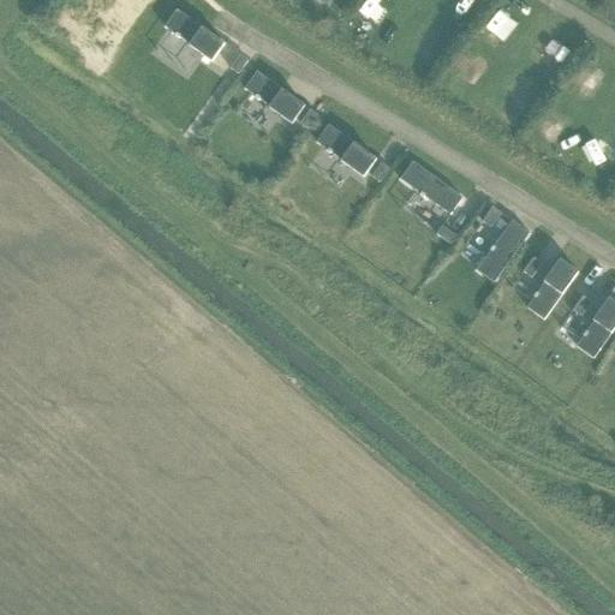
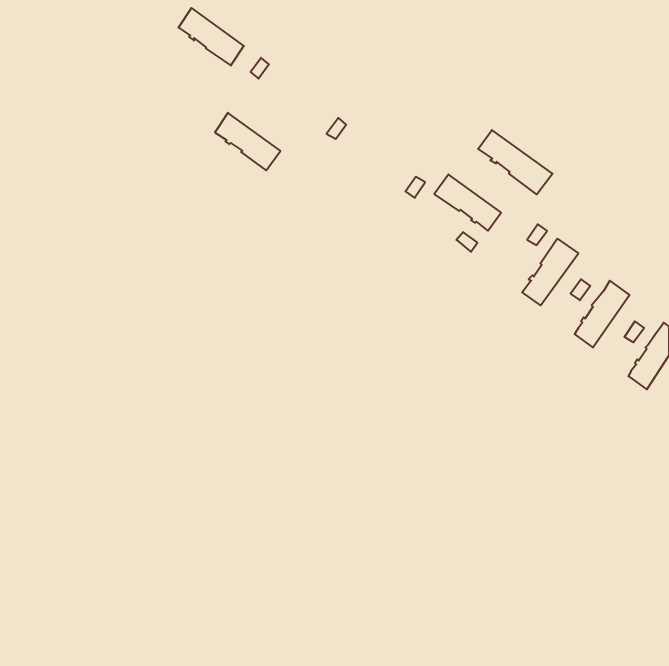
building: [244,70,304,123] -> [215,113,280,170]
building: none -> [478,130,553,194]
building: [315,124,375,175] -> none

